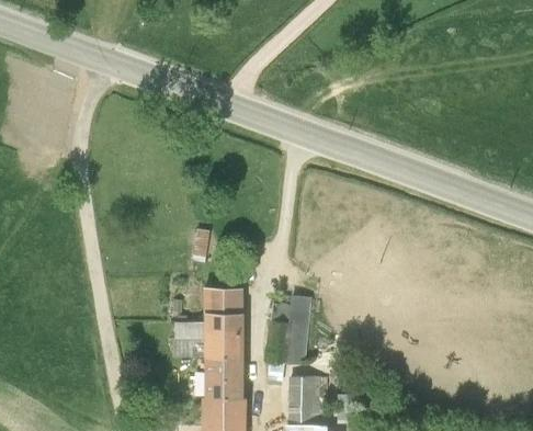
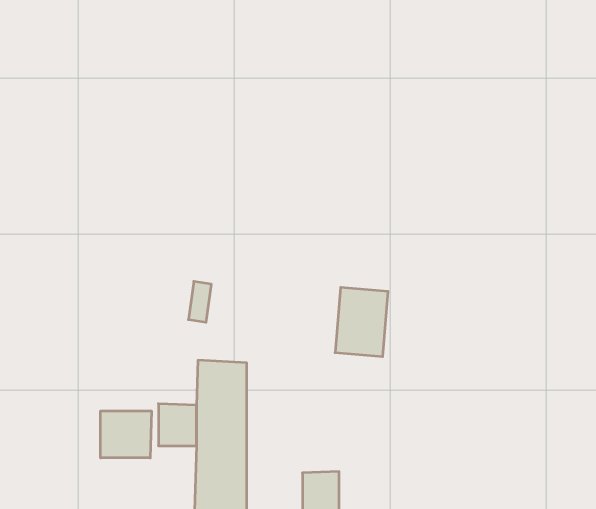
building: [266,310,309,366] -> [335,287,388,357]
building: none -> [101,411,151,458]

